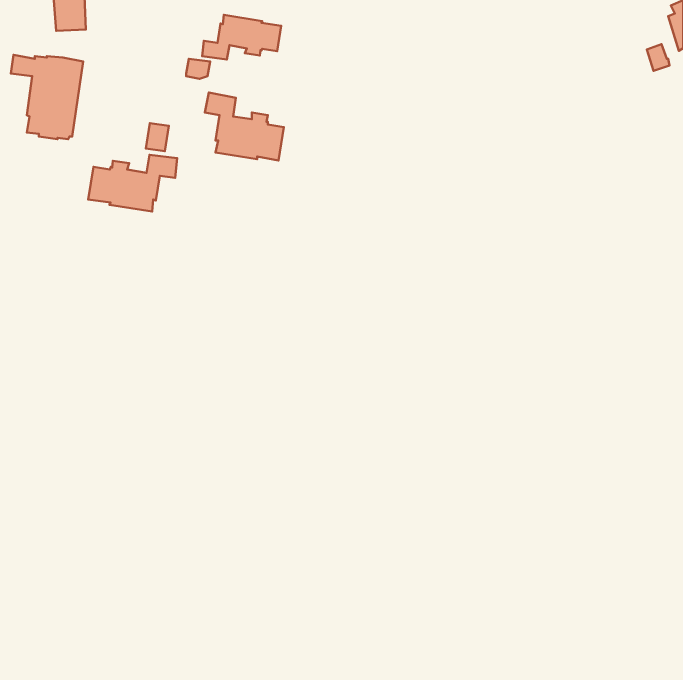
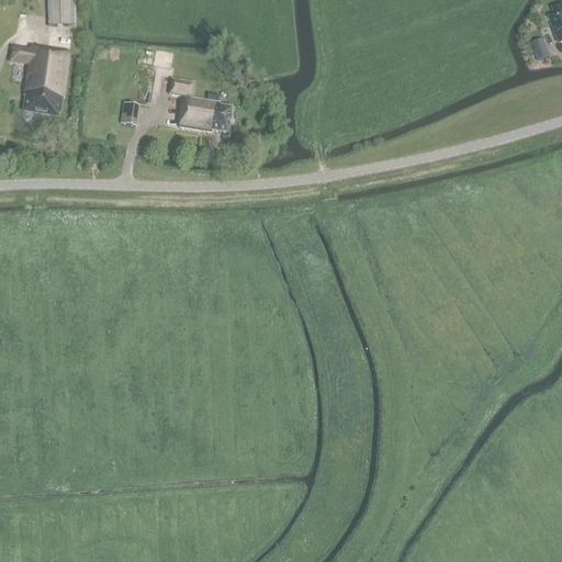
building: [202,15,281,59] -> none
building: [88,155,177,212] -> none

